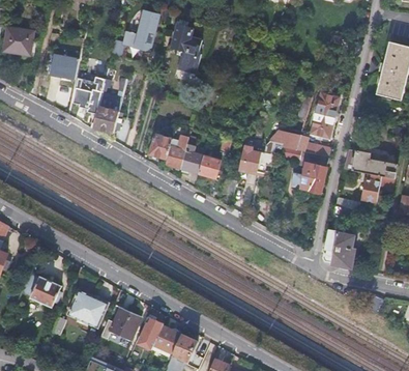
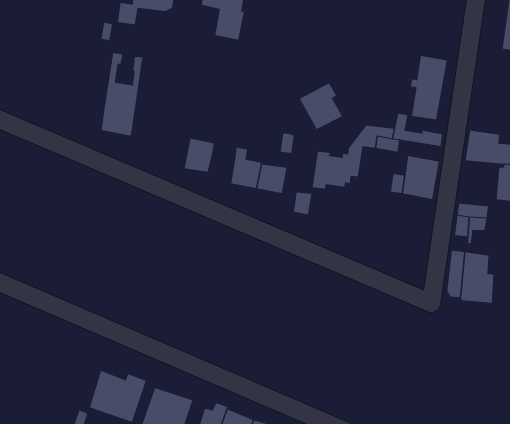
building: [51,53,79,79] -> none
building: [74,76,106,112] -> none
building: none -> [299,83,343,130]
building: [165,137,188,169] -> none
building: [25,273,60,308] -> none

